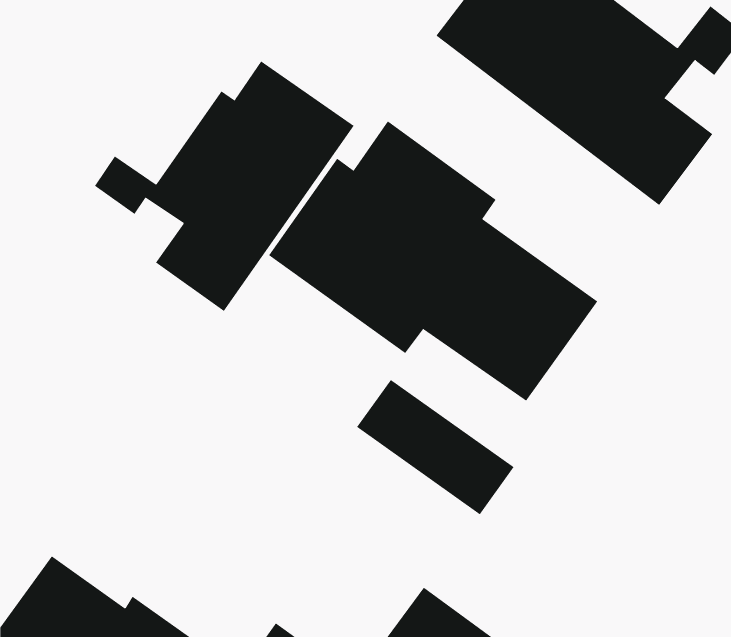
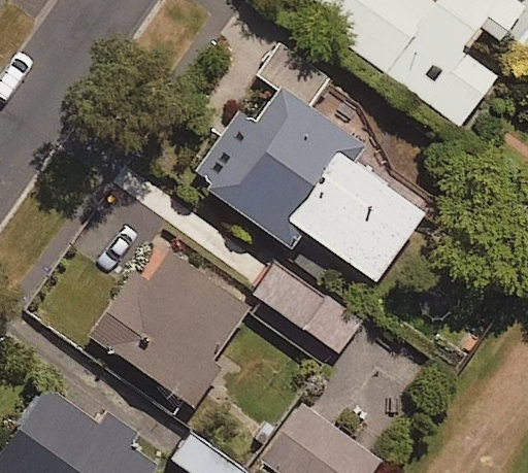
building: [94,61,354,312] -> none
building: none -> [93,252,249,404]

